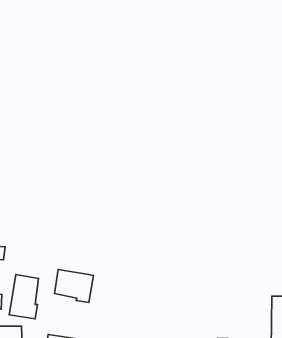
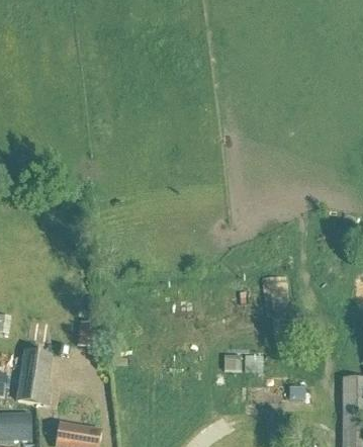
building: [54,270,93,303] -> none

